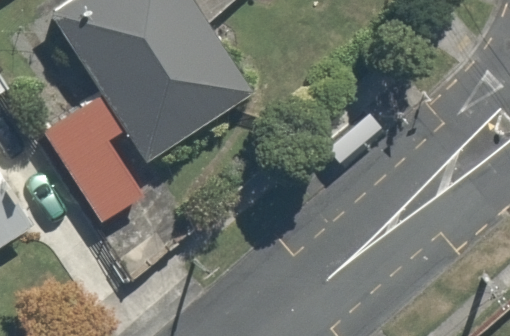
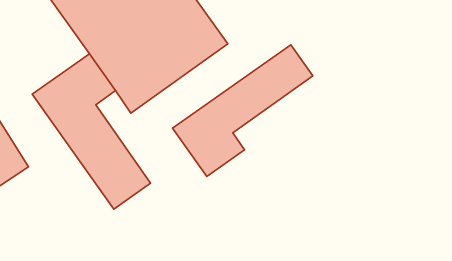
building: none -> [172,45,313,177]

